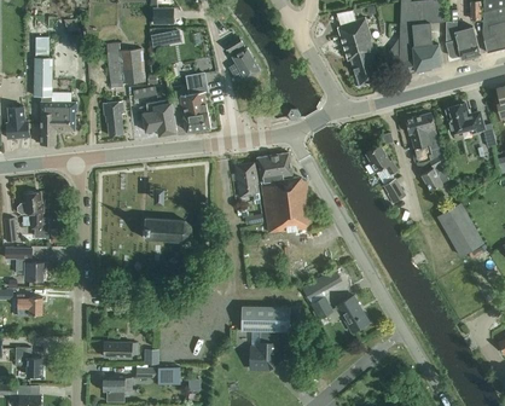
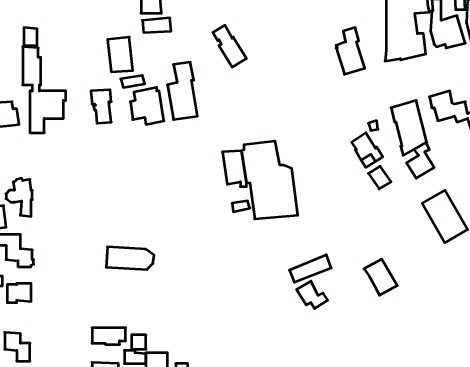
building: [337,17,371,60] -> none
building: [144,219,192,242] -> [106,247,154,270]
building: [336,296,370,332] -> [364,259,397,295]
building: [242,306,290,369] -> none

